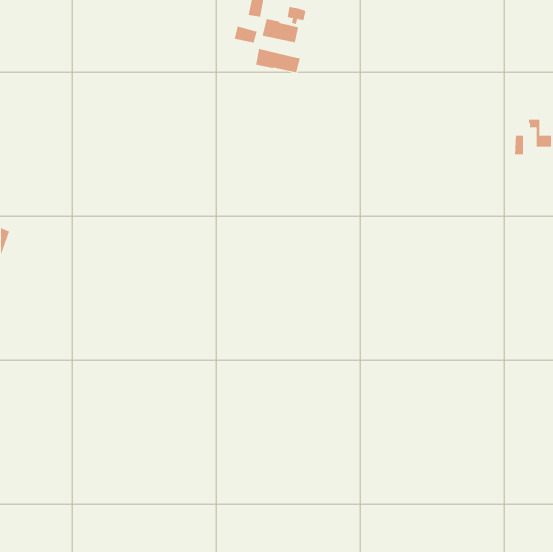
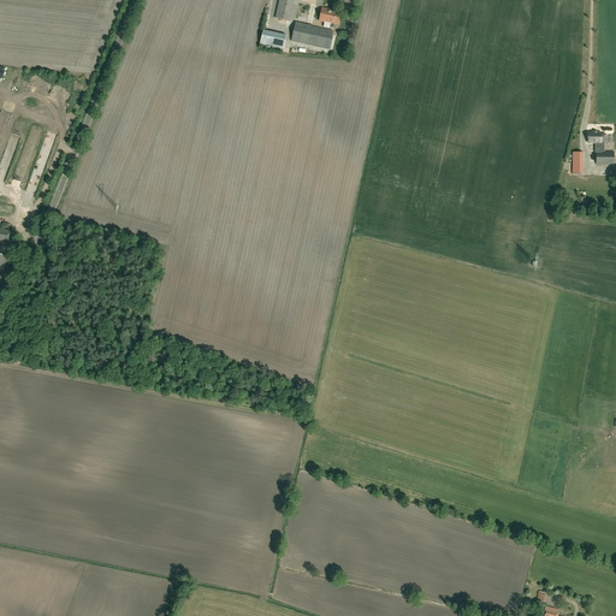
building: [255,48,300,73] -> none

